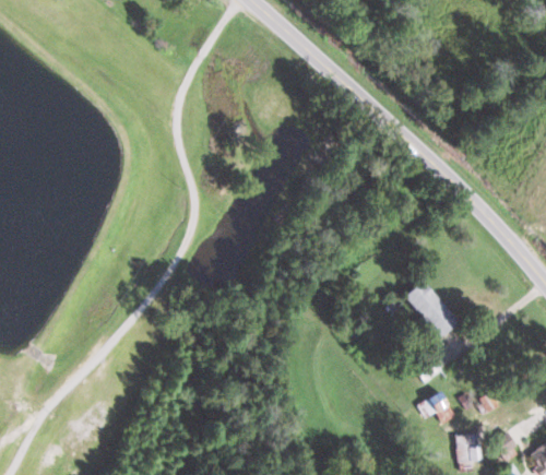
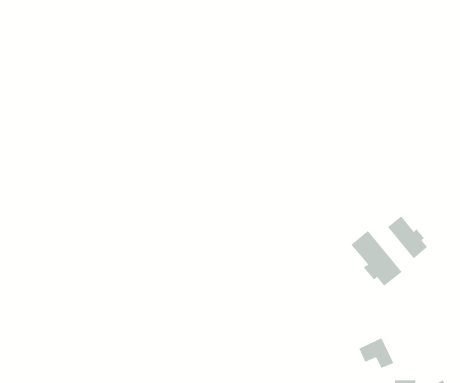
building: none -> [387,216,428,259]

